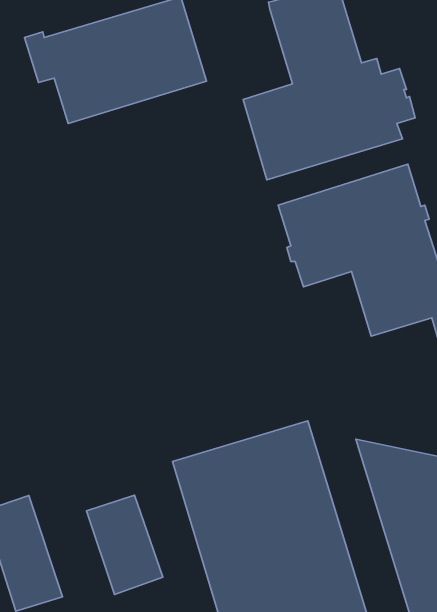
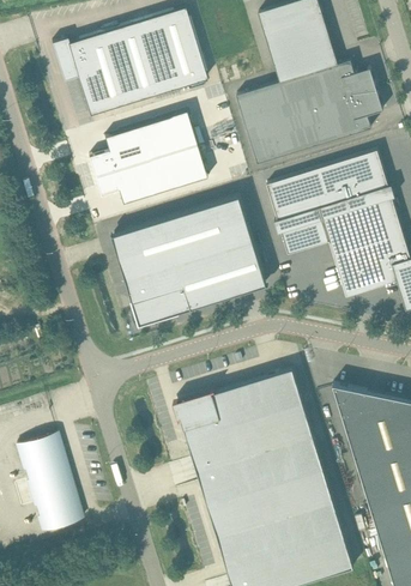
building: none -> [90,110,208,204]
building: none -> [111,197,268,324]
building: [87,495,163,595] -> none

